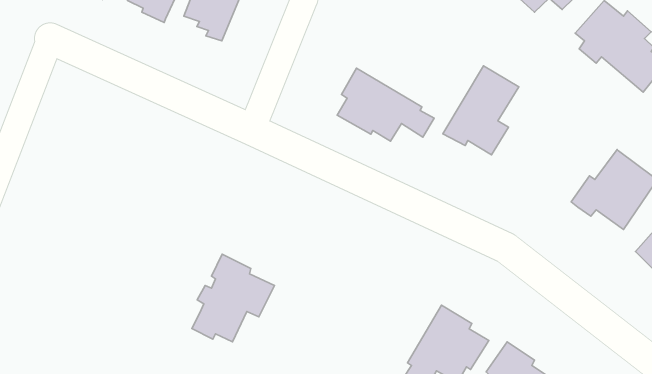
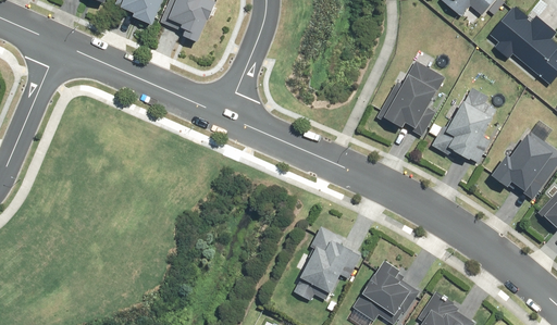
building: [337,68,434,141] -> none
building: none -> [445,87,497,162]
building: [192,254,274,342] -> [294,227,362,300]

